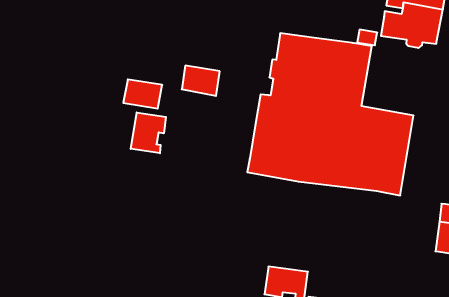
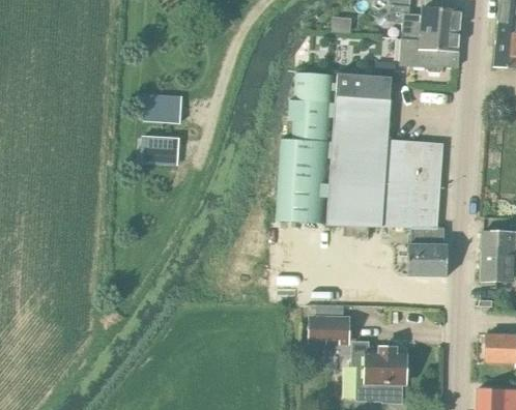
building: [182,66,220,96] -> [144,94,181,122]
building: [131,112,166,153] -> none
building: none -> [407,225,448,275]

